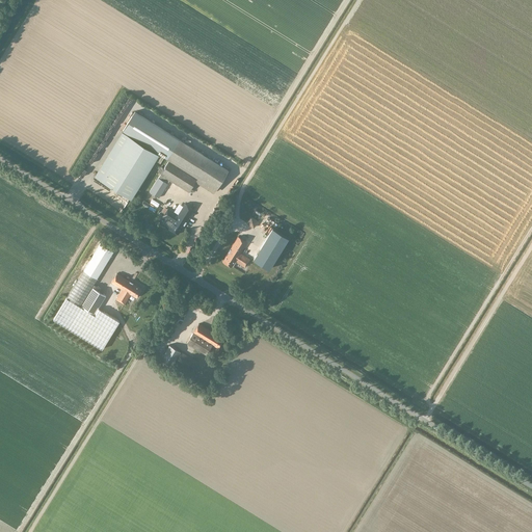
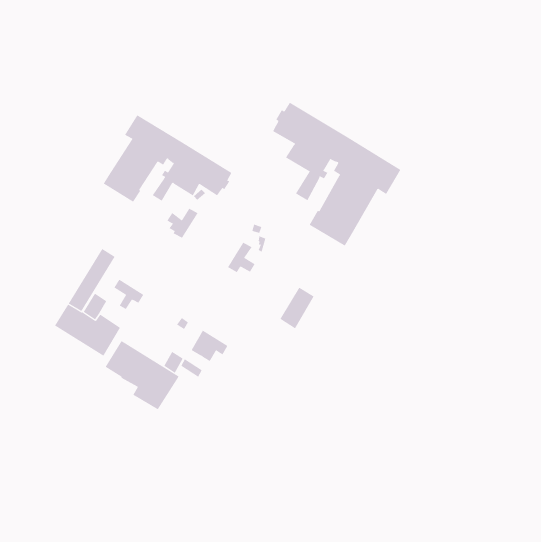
building: none -> [272,102,401,247]
building: [255,228,289,269] -> [280,287,315,329]
building: none -> [105,340,180,410]

